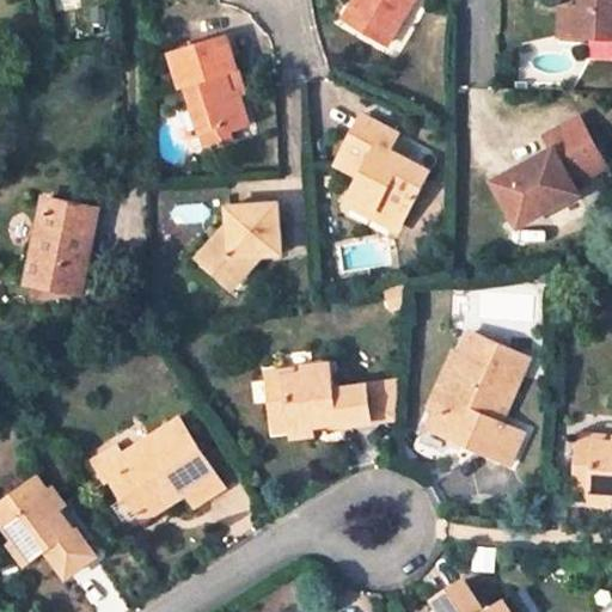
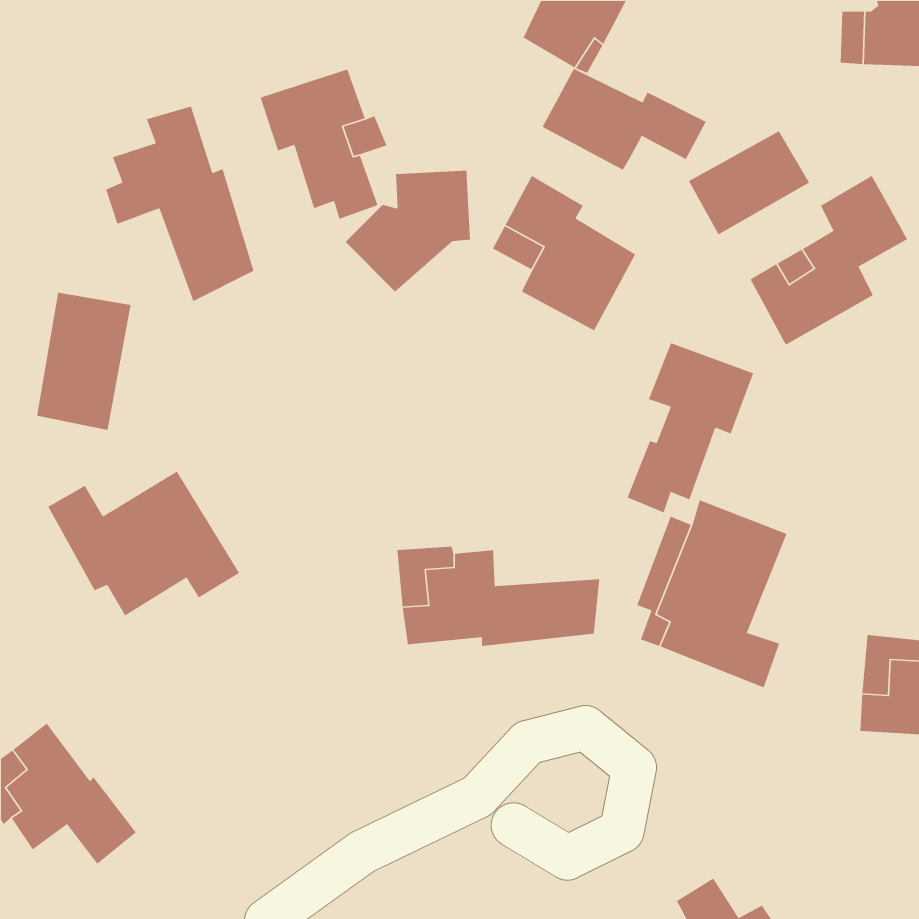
building: none -> [542,68,707,171]
building: none -> [105,106,255,302]
building: none -> [688,130,810,236]
building: [194,208,277,289] -> [345,170,471,292]
building: none -> [627,342,754,513]
building: [88,424,216,521] -> [47,471,240,616]

